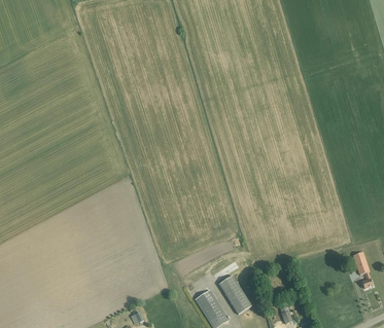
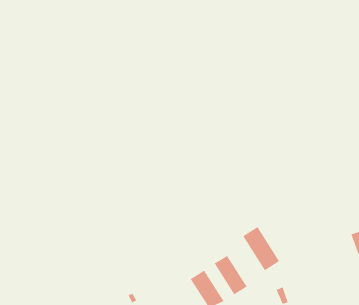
building: none -> [242,226,280,271]

